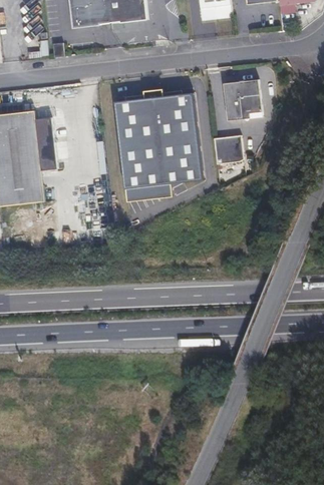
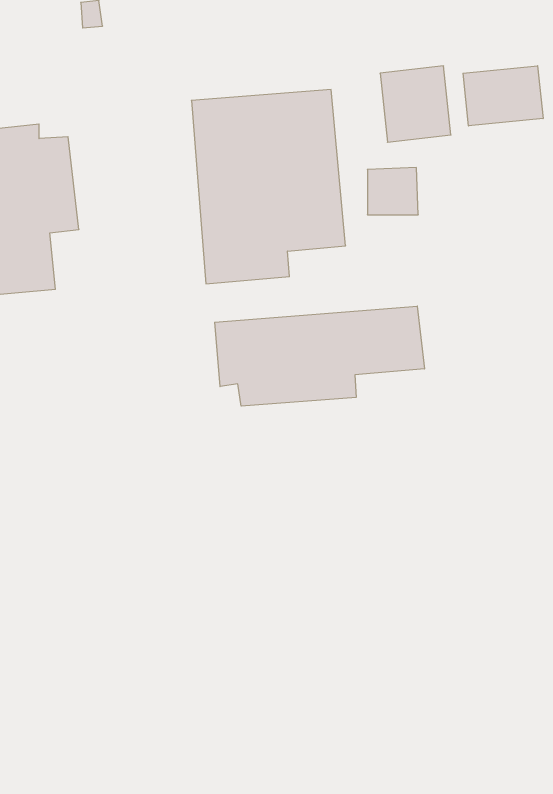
building: none -> [463,66,543,126]
building: none -> [215,306,424,406]

